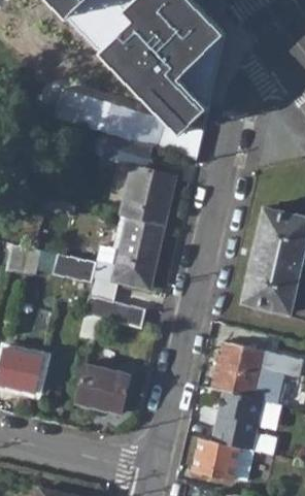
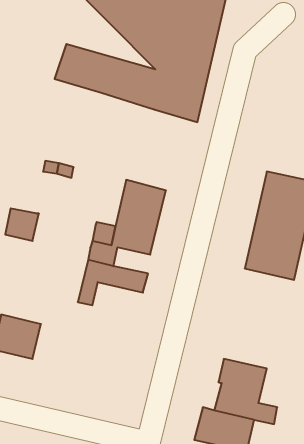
building: [90,130,175,226] -> none
building: [52,252,95,282] -> none
building: [210,342,283,403] -> none
building: [75,364,130,412] -> none

